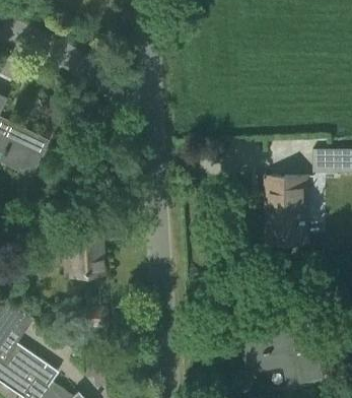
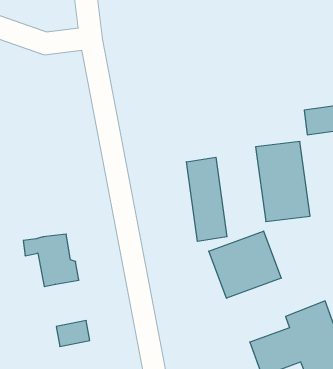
building: none -> [186,157,227,241]
building: none -> [209,231,281,298]

